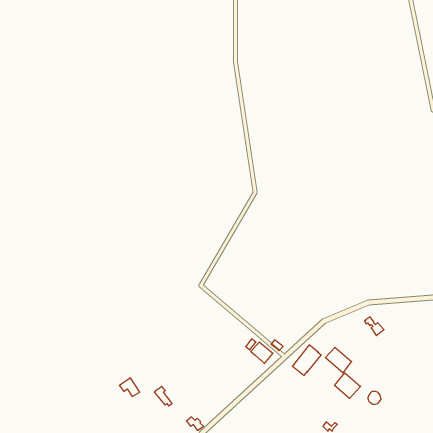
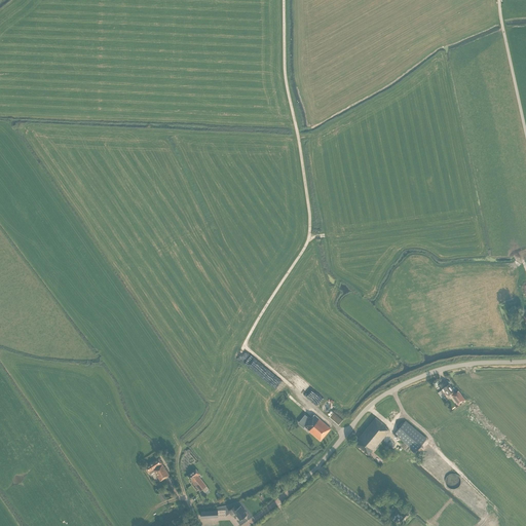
building: [335,373,361,398] -> none

